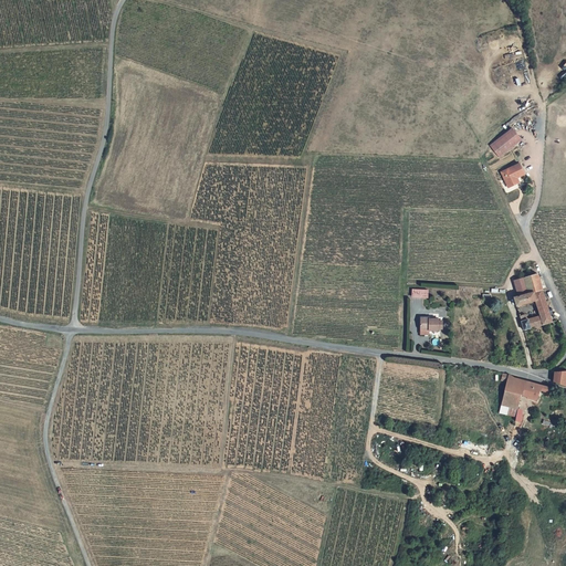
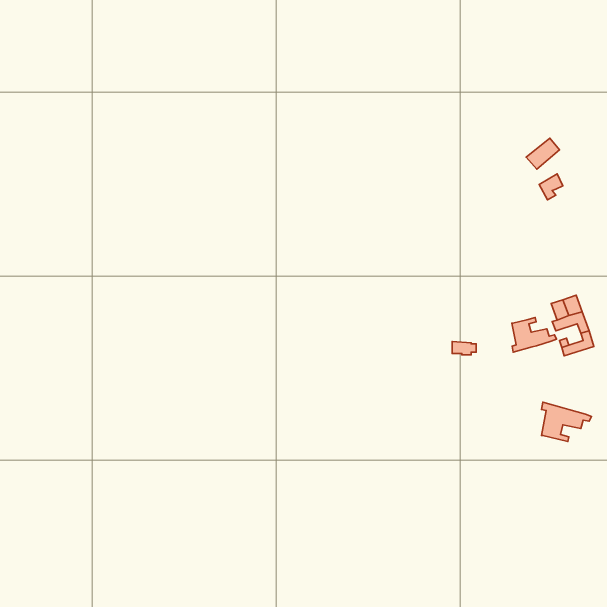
building: none -> [512,318,556,352]

